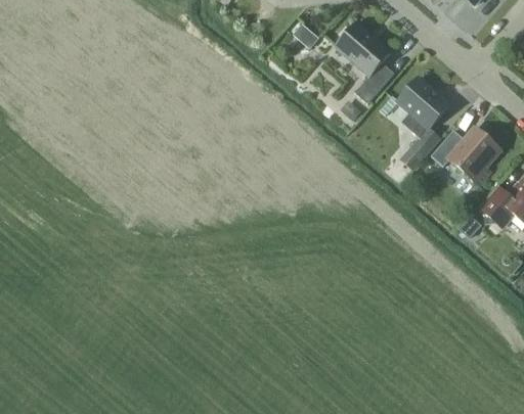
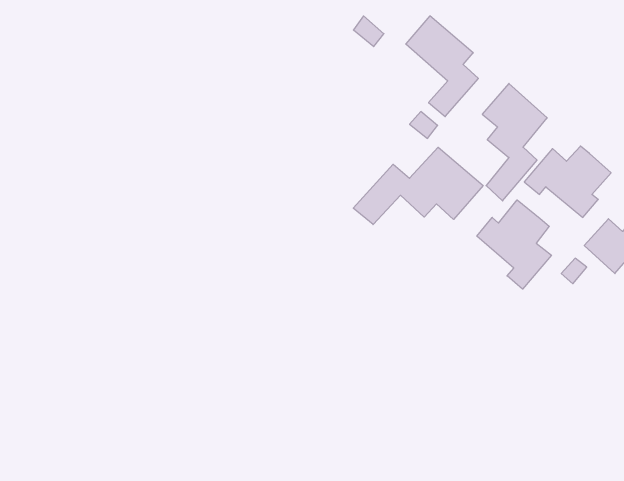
building: none -> [353,147,483,225]
building: none -> [477,200,551,289]

